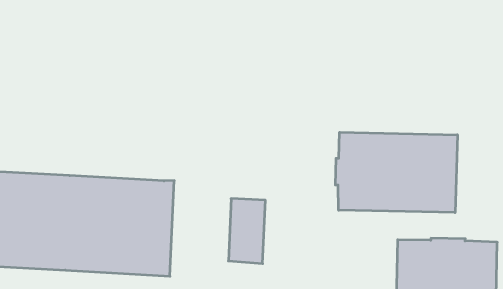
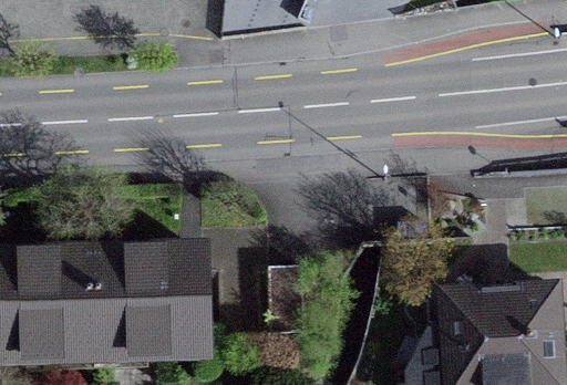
building: [335,132,457,213] -> none

